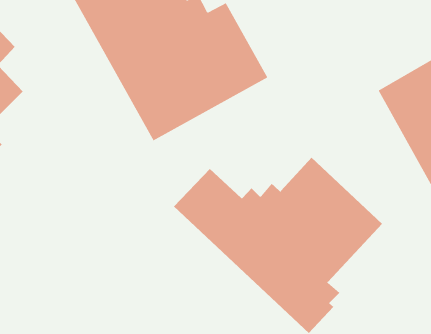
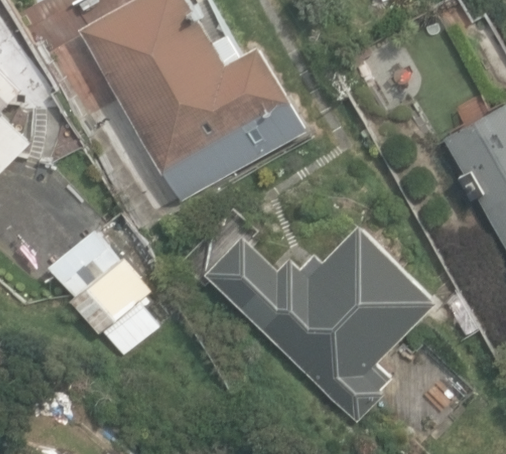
building: none -> [45,227,158,355]

